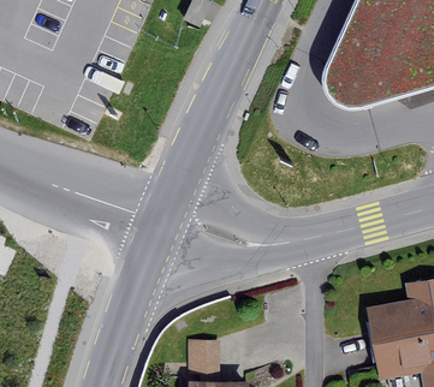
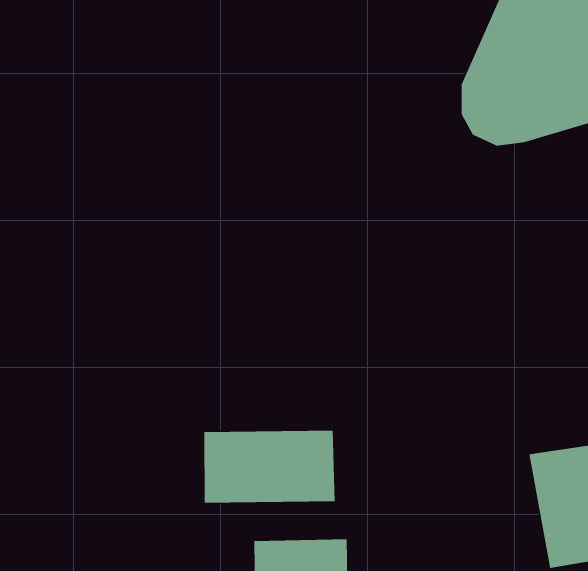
building: none -> [204,430,336,504]

